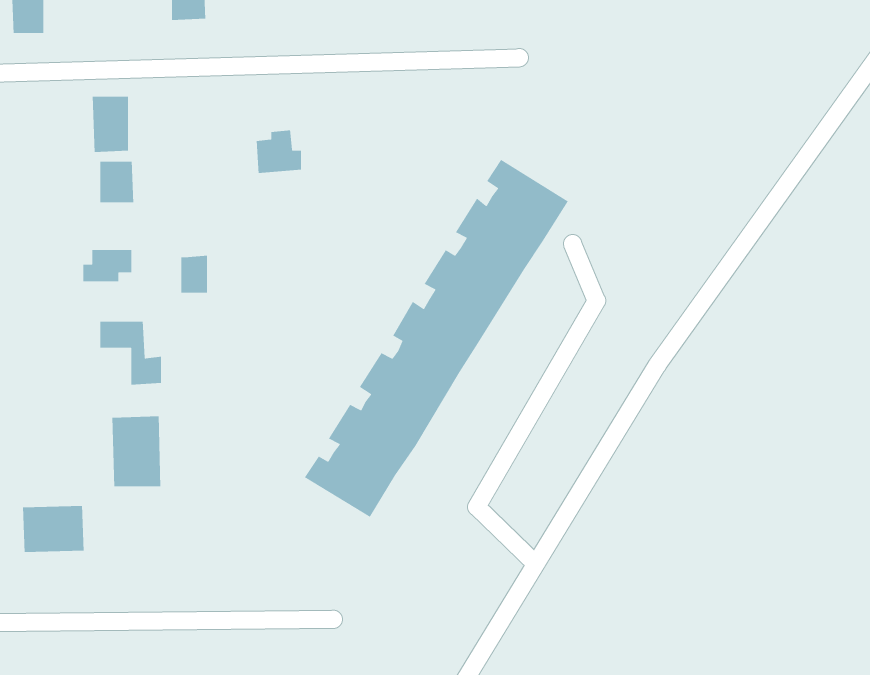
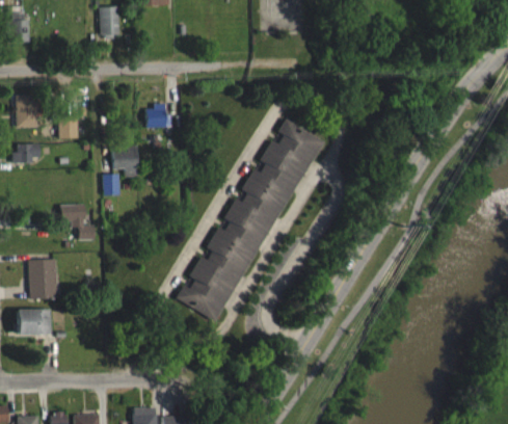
building: [92,96,129,153] -> [17,97,37,129]
building: none -> [115,140,140,171]
building: [82,249,132,282] -> [14,139,42,158]
building: [112,415,161,487] -> [29,260,57,300]

